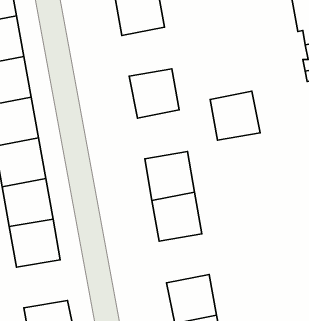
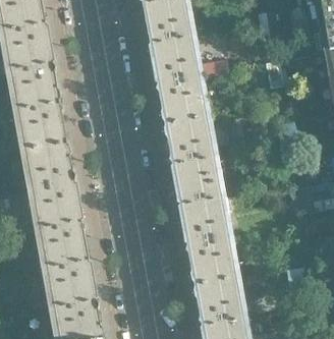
building: none -> [149,40,198,88]
building: [210,91,260,140] -> [164,120,213,168]
building: none -> [185,241,234,289]
building: none -> [46,267,96,314]

